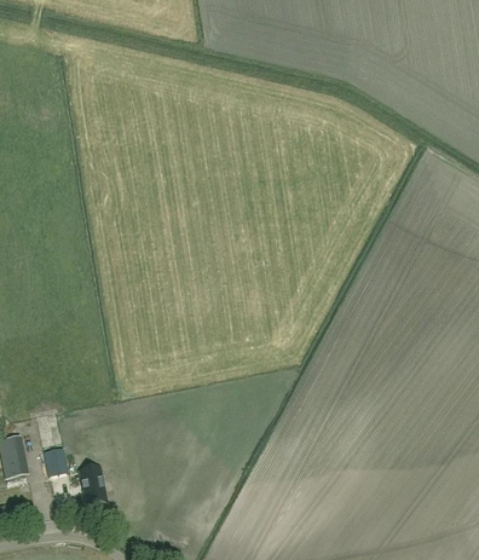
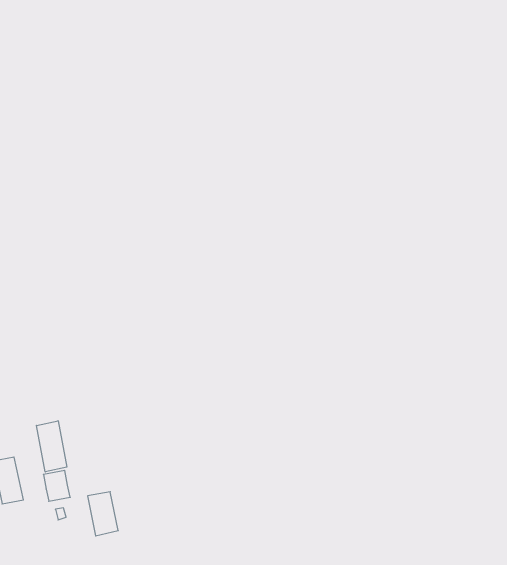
building: none -> [36,421,67,472]

